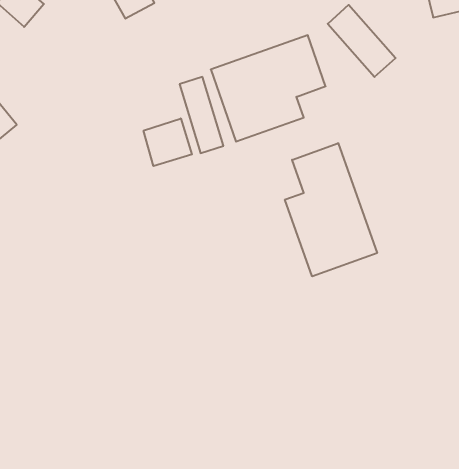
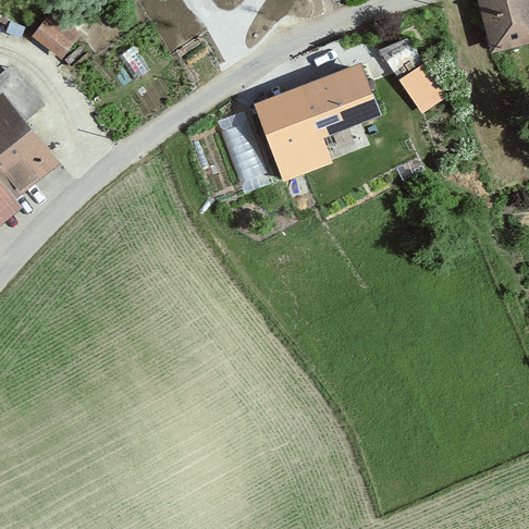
building: [144,118,192,166] -> none
building: [285,143,377,276] -> none

